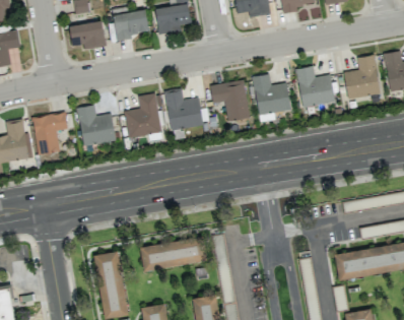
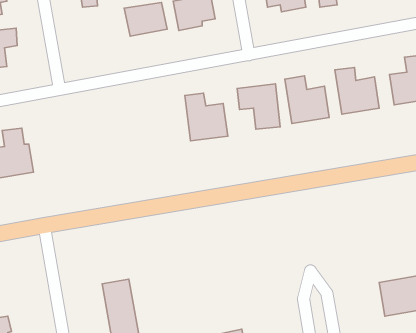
building: [69,20,106,50] -> none
building: [125,93,163,138] -> none
building: [77,105,116,146] -> none
building: [33,114,67,153] -> none
building: [140,235,207,270] -> none

